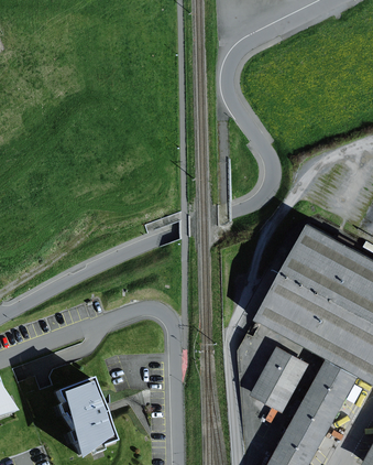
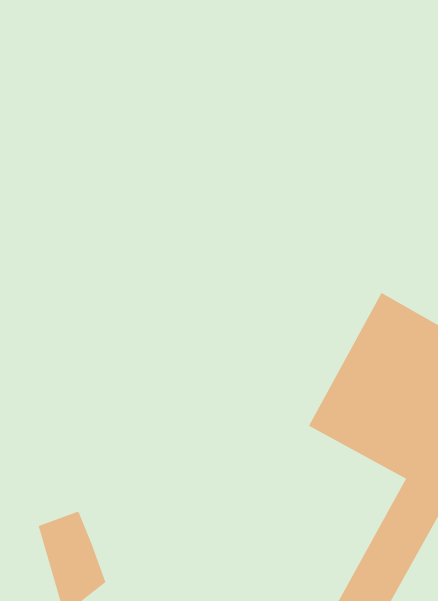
building: [250,348,305,410] -> none

